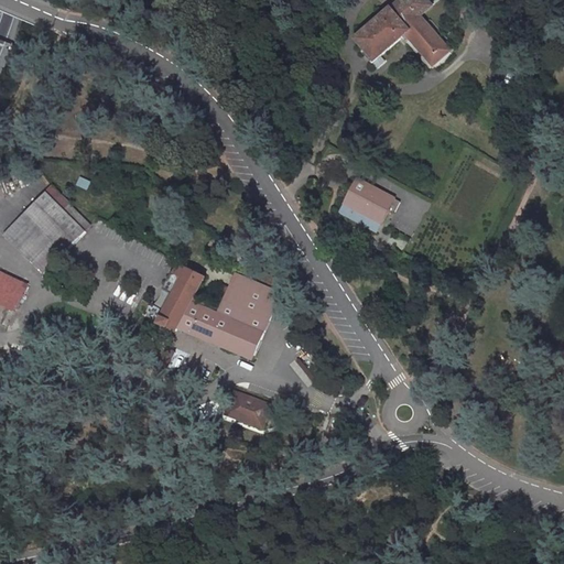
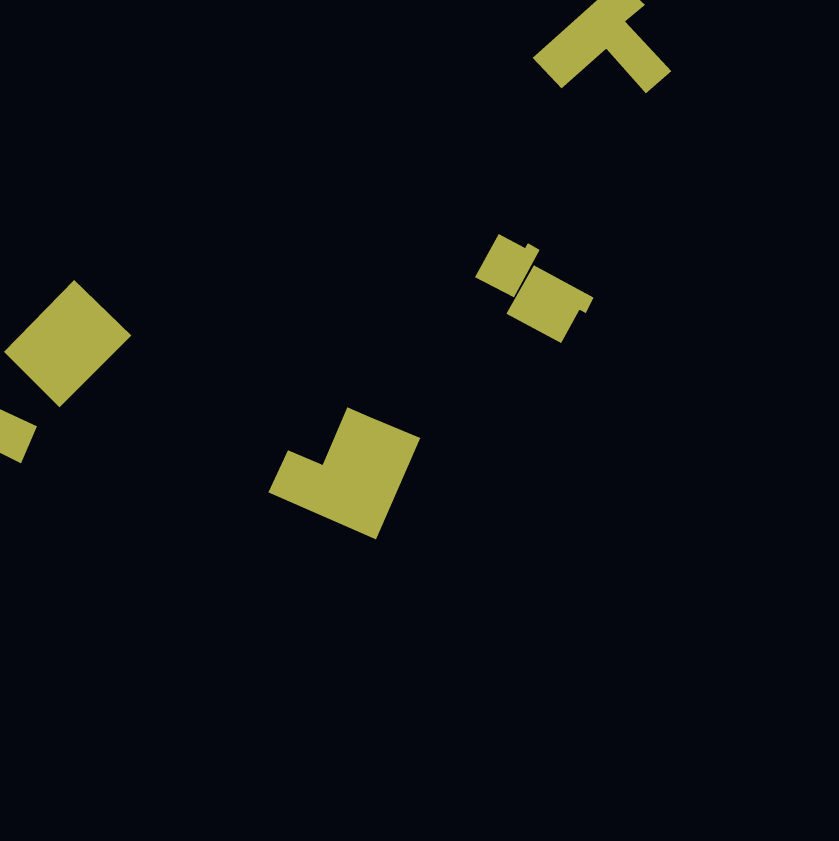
building: none -> [474,233,541,298]
building: [155,260,205,333] -> none
building: [221,389,268,426] -> none

